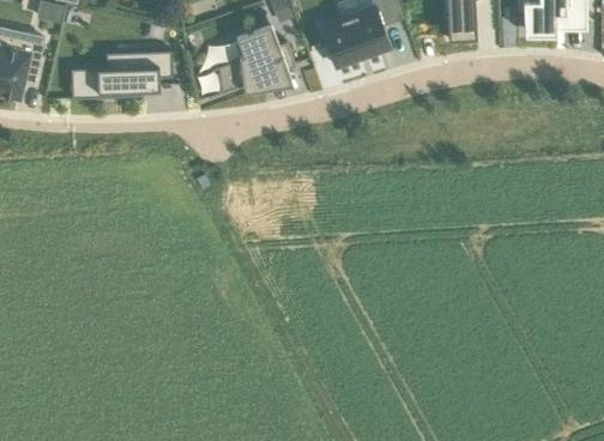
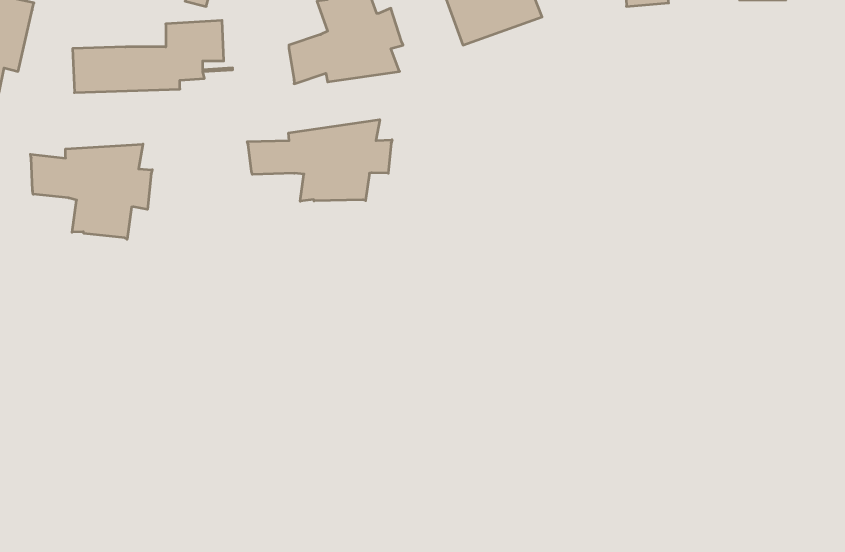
building: none -> [247,120,392,201]
building: none -> [30,144,152,239]

